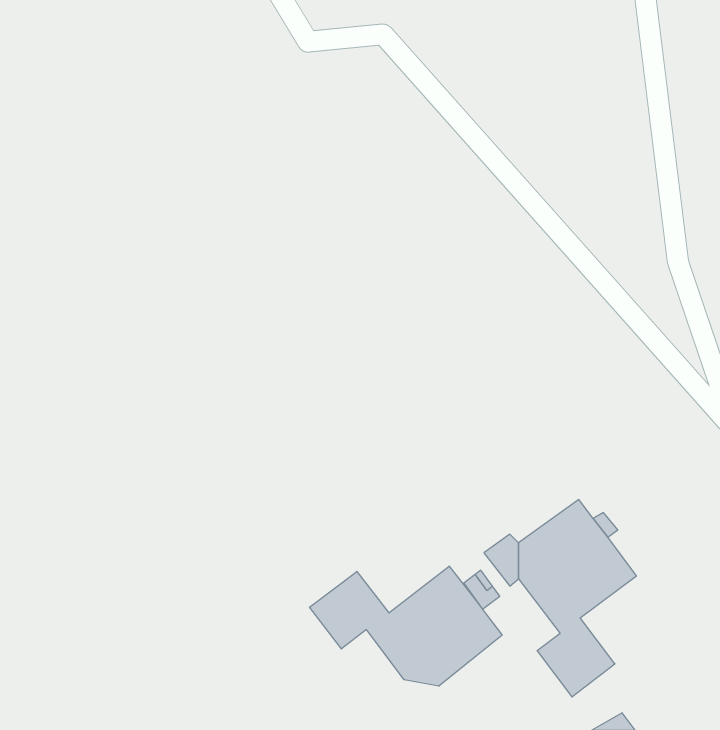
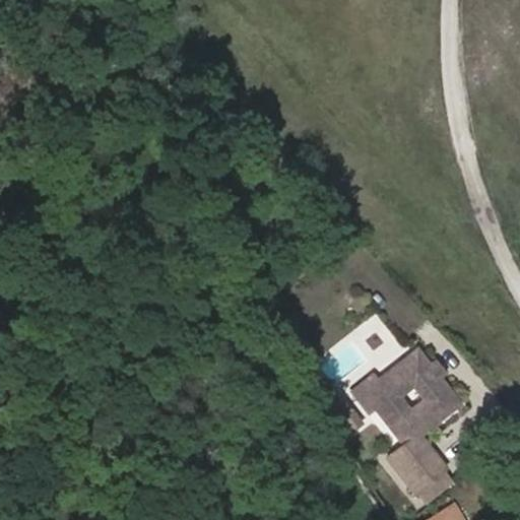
building: [310,566,502,686] -> none

